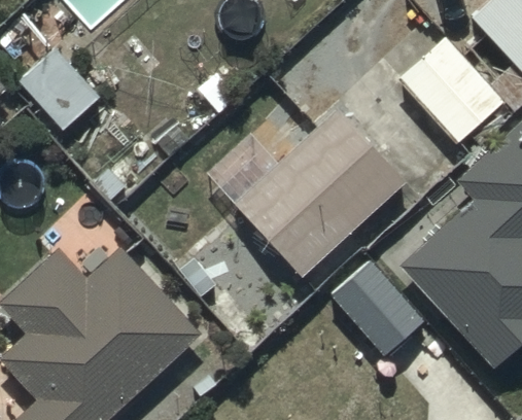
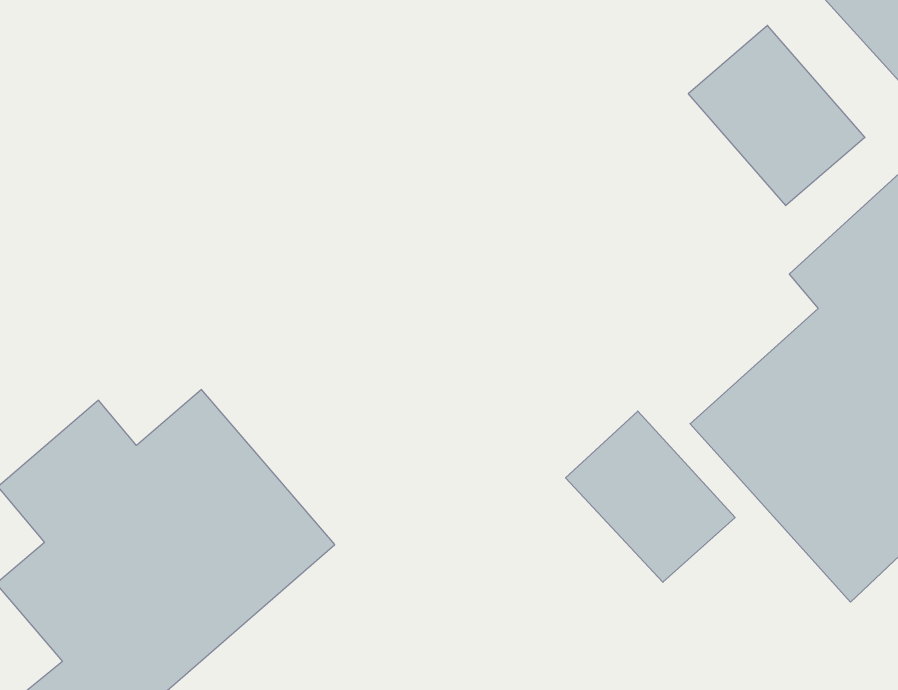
building: [233,106,405,276] -> none

